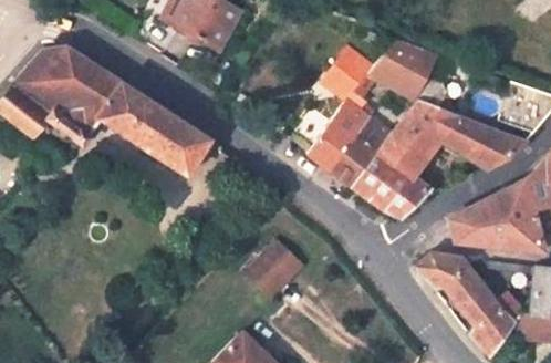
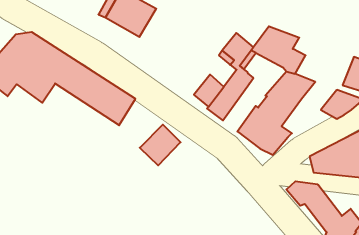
building: [438,116,487,155] -> none
building: [330,118,391,185] -> none
building: [246,242,302,299] -> [140,125,181,165]

